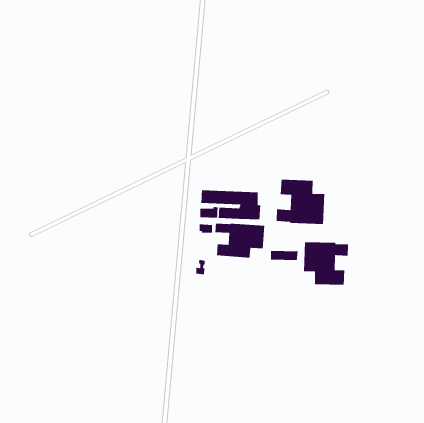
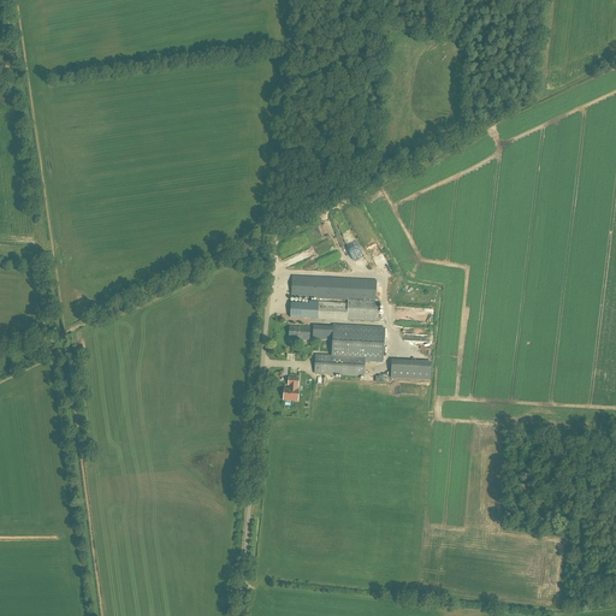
building: [276,179,325,225] -> none
building: [303,241,349,286] -> none

